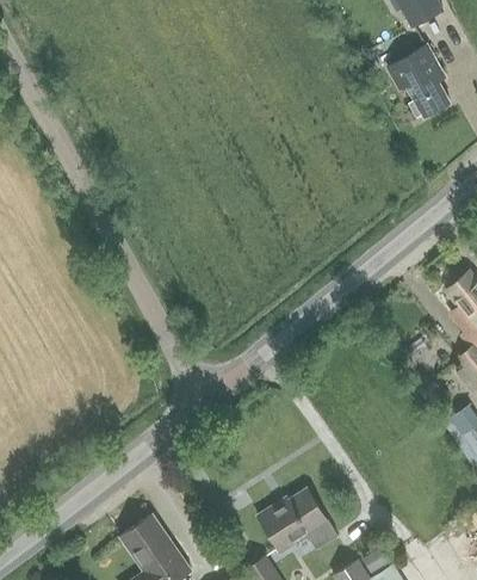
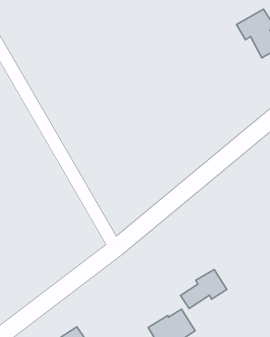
building: none -> [180,269,227,309]

